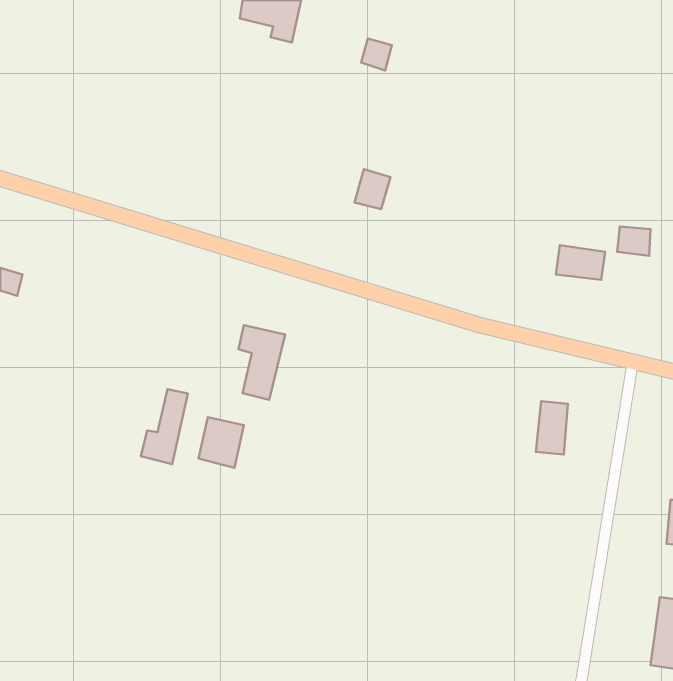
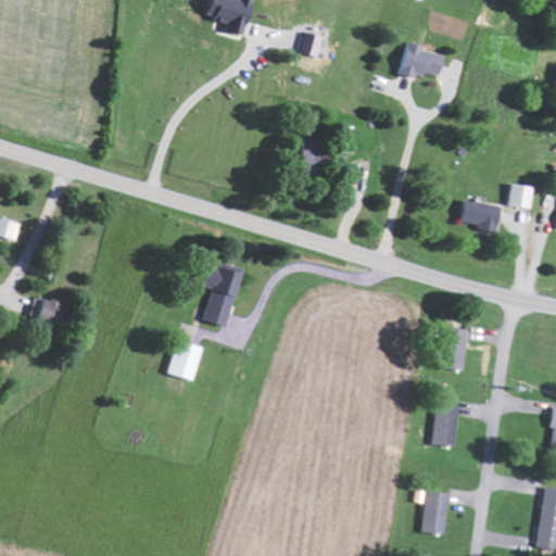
building: none -> [397,41,445,78]
building: none -> [39,300,61,324]
building: [141,389,188,464] -> none
building: none -> [434,403,458,445]
building: none -> [422,491,448,534]

